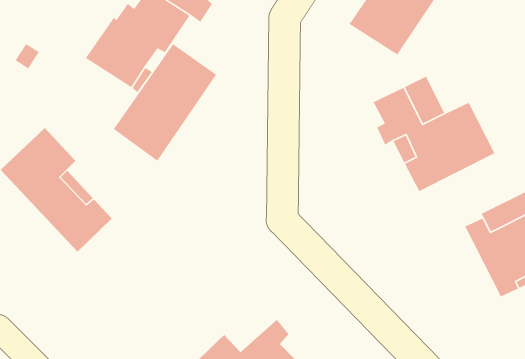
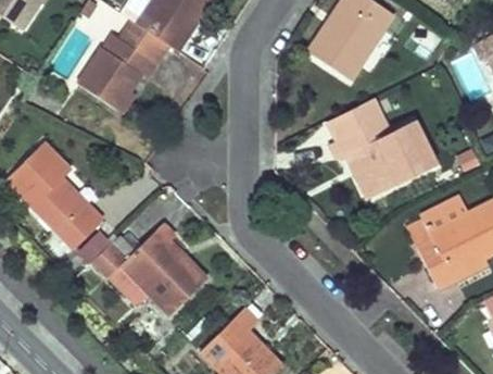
building: [113,43,217,162] -> none
building: none -> [91,223,206,315]

